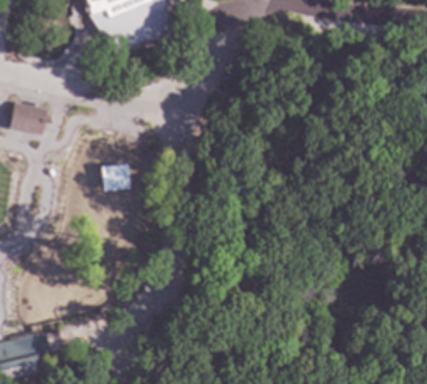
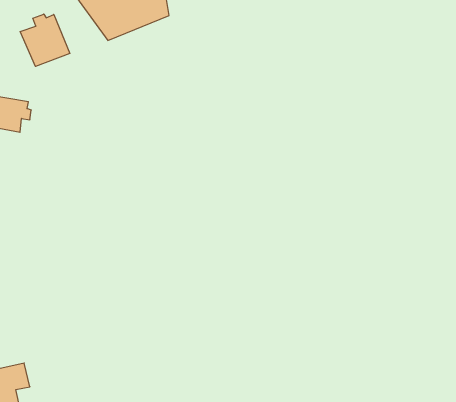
building: none -> [20,14,70,66]
building: [100,165,128,189] -> none

